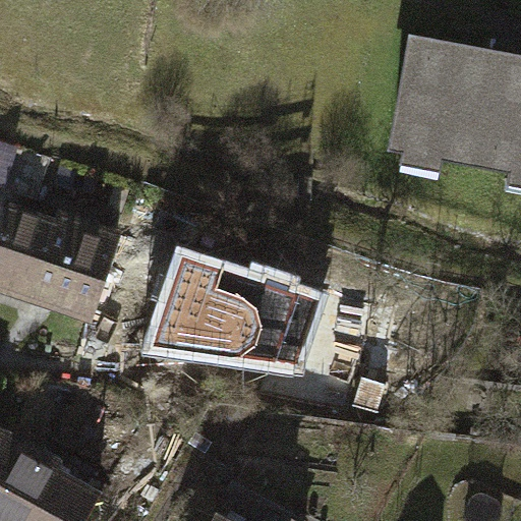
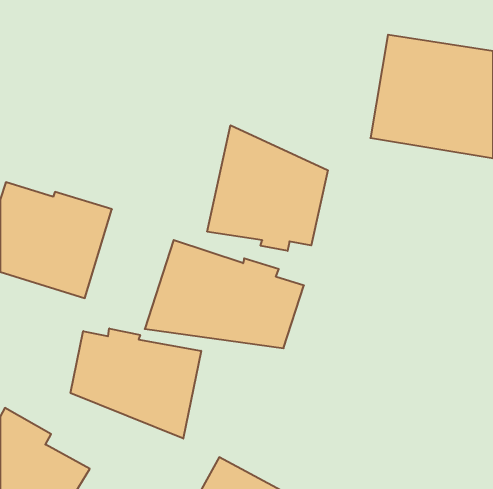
building: none -> [207,125,328,251]
building: none -> [71,328,201,439]

